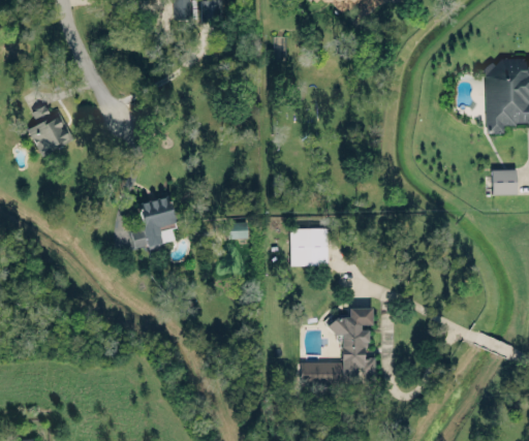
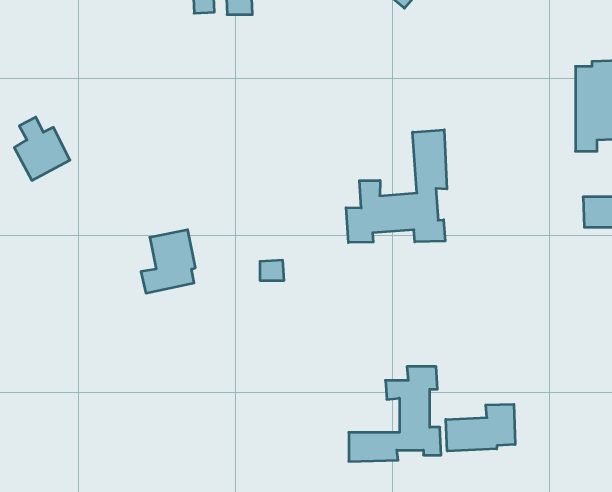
building: none -> [346,130,447,243]
building: [291,228,329,265] -> none
building: none -> [446,404,515,451]

